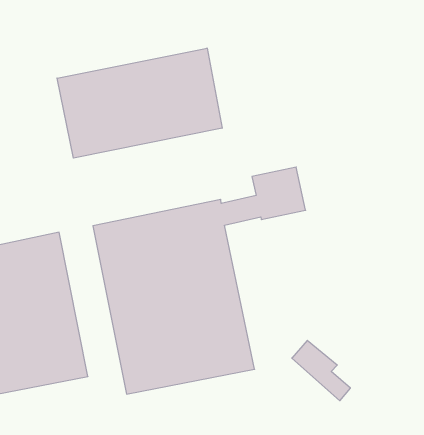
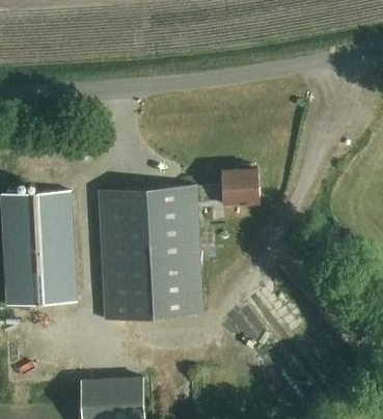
building: [57,48,222,158] -> none

